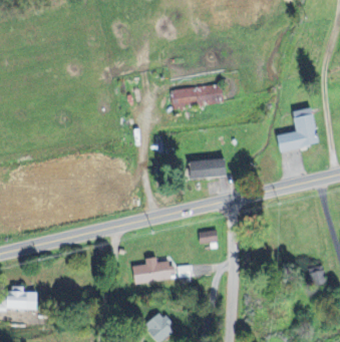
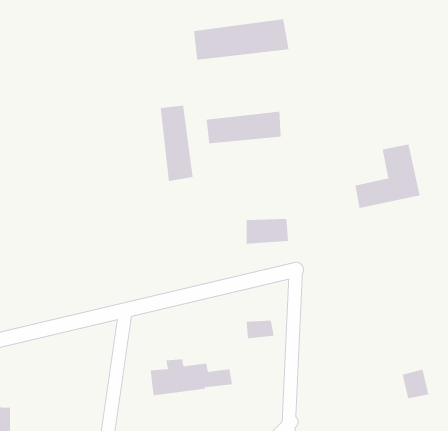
building: none -> [193,19,289,60]
building: none -> [160,105,193,182]

